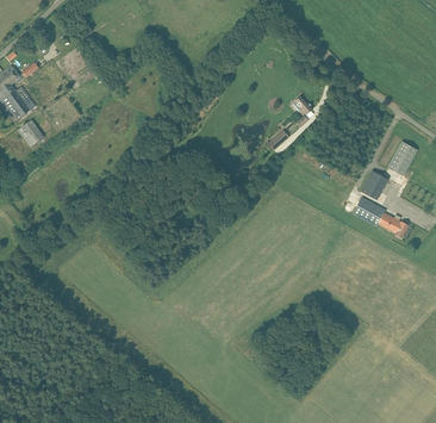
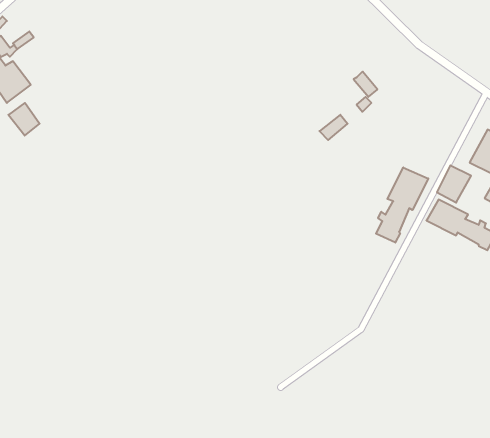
building: none -> [376,167,428,243]

